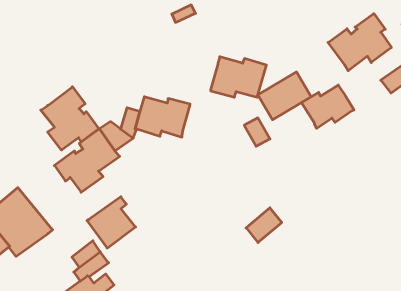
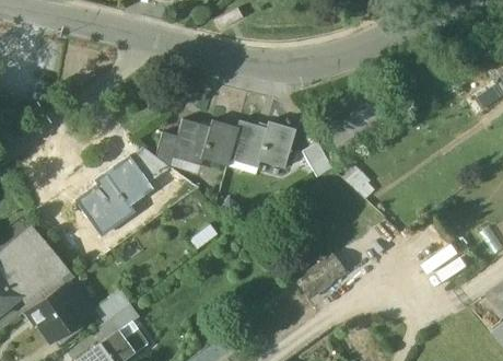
building: [328,14,391,71] -> none
building: [211,57,266,97] -> [229,119,295,167]
building: [302,85,354,128] -> none
building: [41,87,99,150] -> none
building: [87,197,136,248] -> [27,281,85,342]

